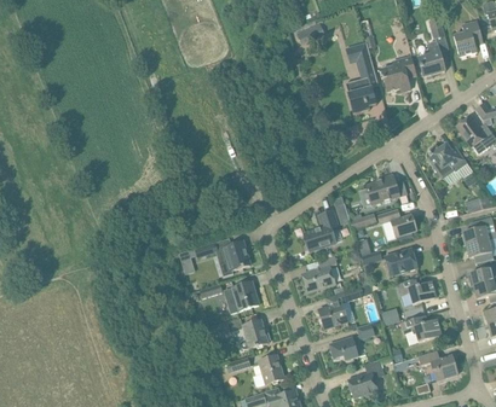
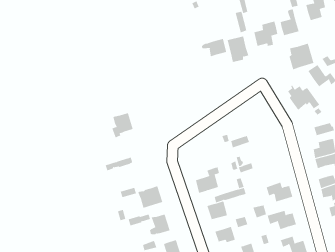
building: none -> [201,38,227,57]
building: none -> [289,43,314,70]
building: [365,173,408,204] -> none
building: [377,208,416,242] -> none
building: [305,210,339,250] -> none
building: [220,240,250,275] -> [112,112,134,138]
building: [385,246,417,275] -> none

